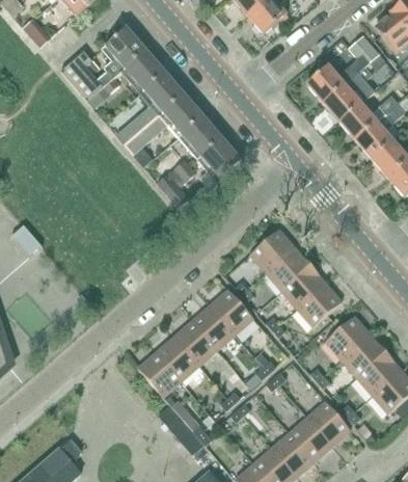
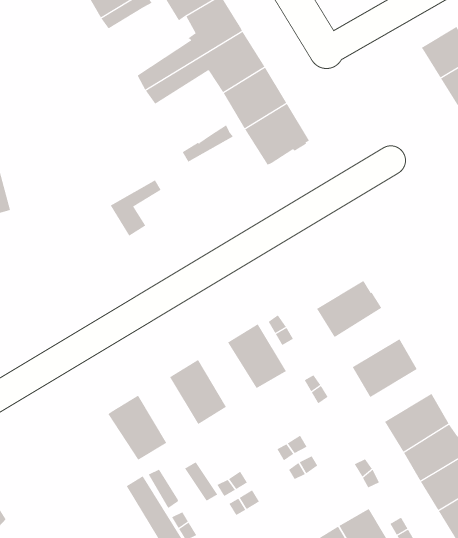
building: [162,165,195,207] -> [110,180,162,236]
building: [250,229,295,272] -> none
building: [281,264,326,307] -> none
building: [192,305,235,349] -> none
building: [156,336,199,380] -> none

